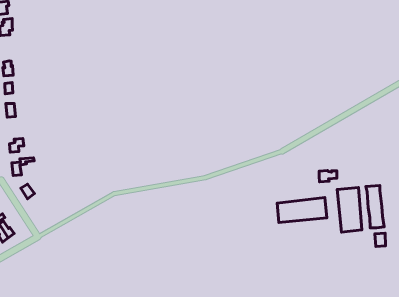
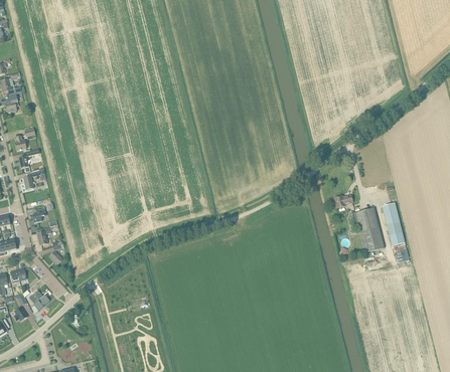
building: [277,198,327,223] -> none

